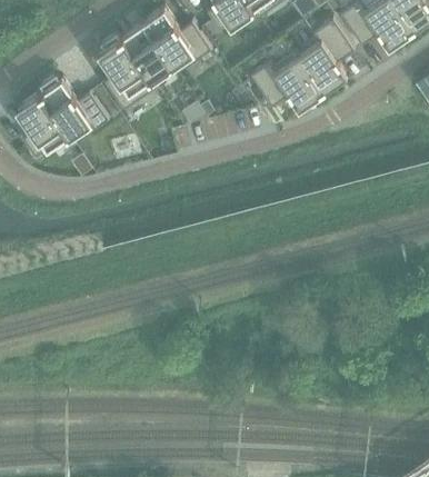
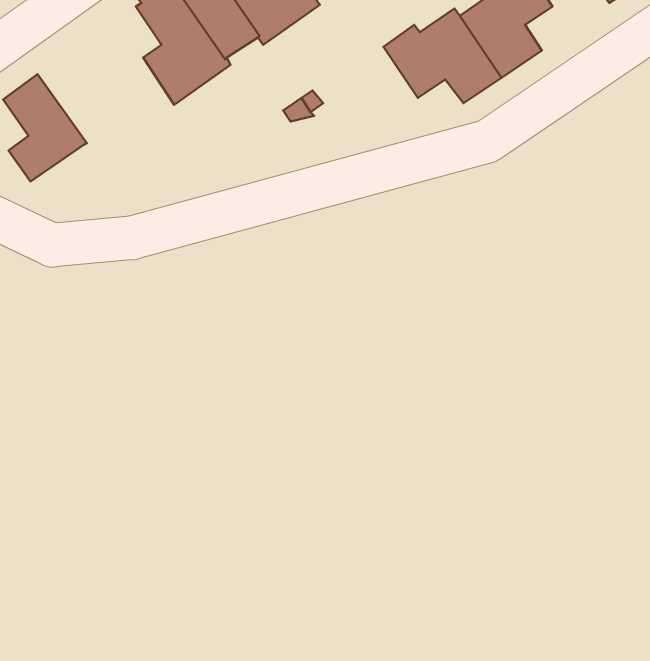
building: [36,77,104,136] -> none

